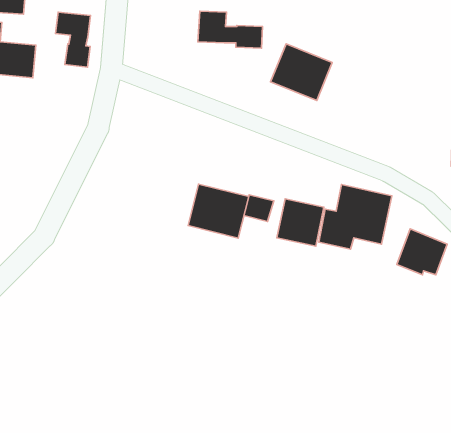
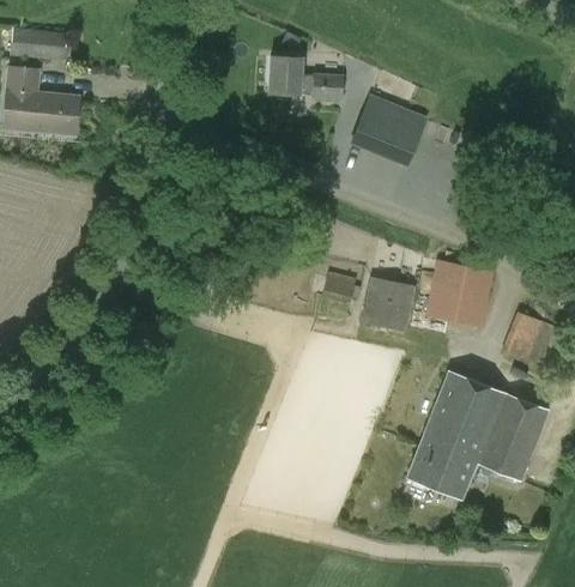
building: [55,12,91,67] -> none
building: [188,184,249,238] -> none
building: none -> [407,370,547,498]

